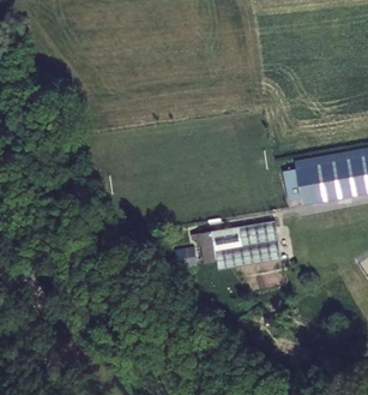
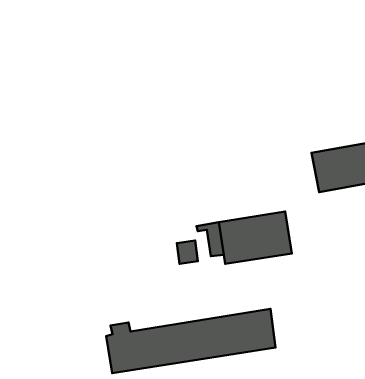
building: none -> [106,309,276,373]

